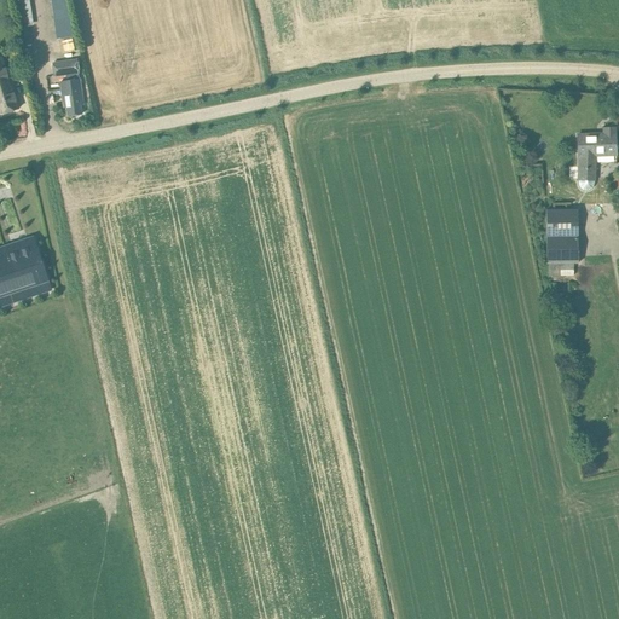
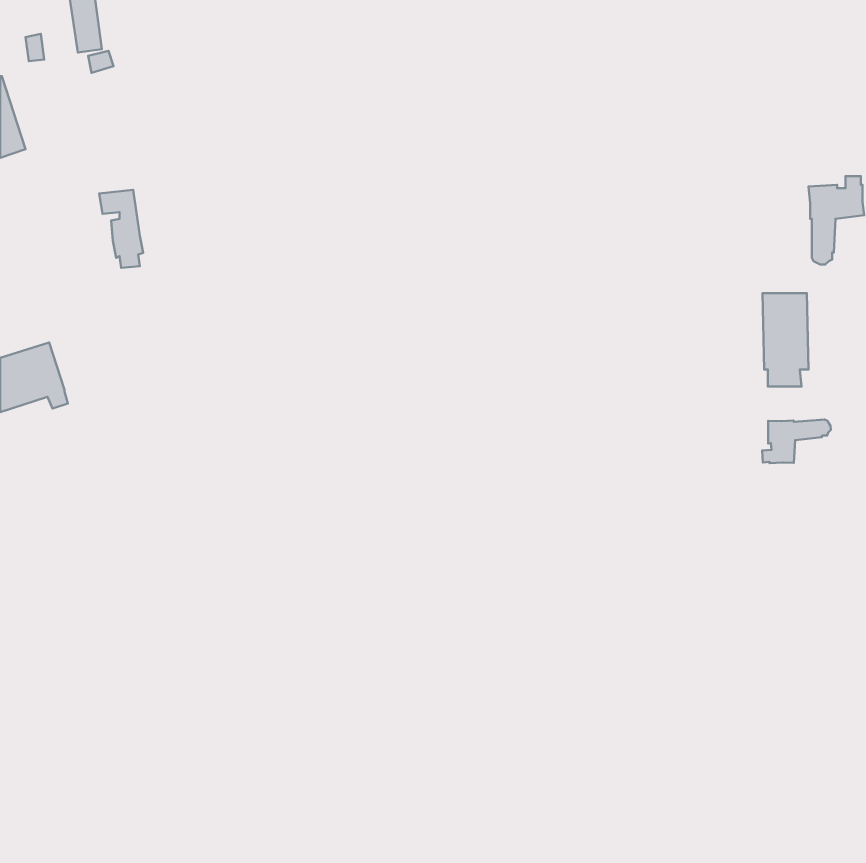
building: [52,58,83,114] -> [99,190,143,268]
building: none -> [762,420,831,463]

